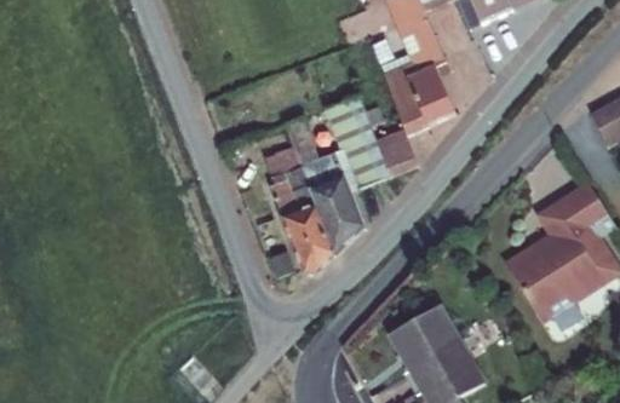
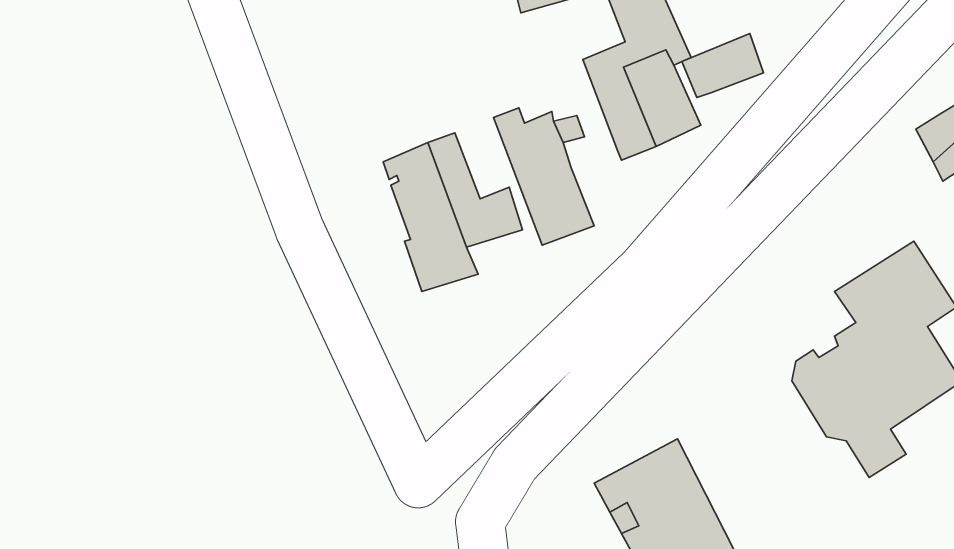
building: none -> [682,33,764,98]
building: [374,127,417,174] -> none
building: [281,177,363,272] -> none

